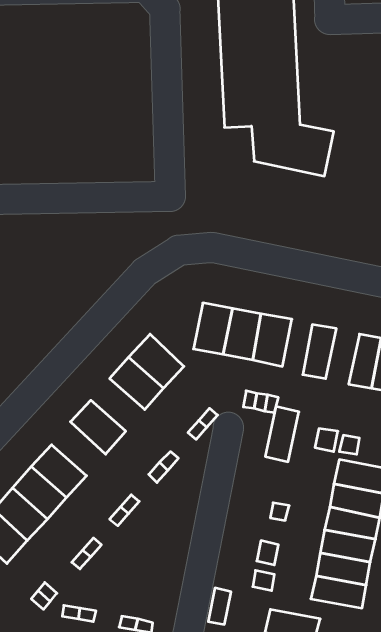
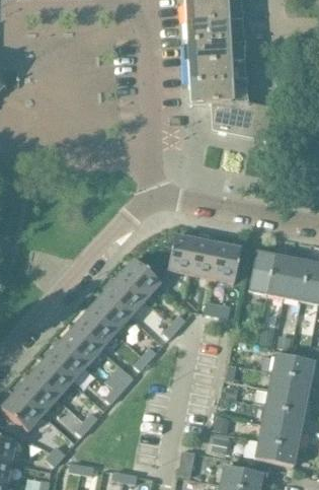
building: none -> [90,292,131,332]
building: [265,406,299,462] -> [266,255,292,296]
building: none -> [61,325,101,365]

